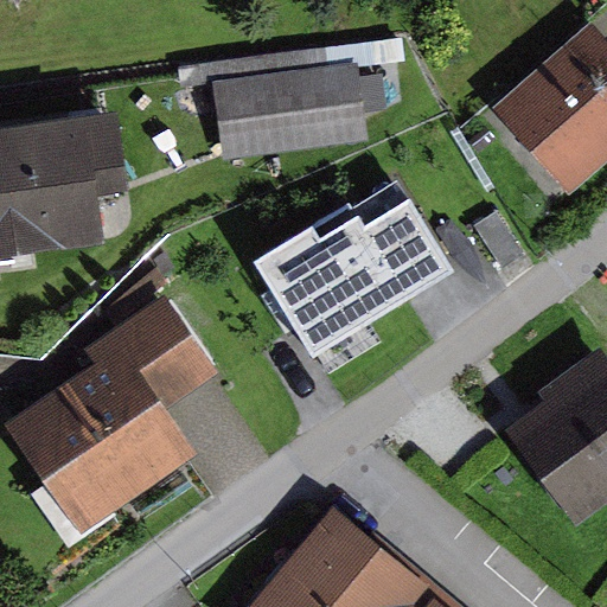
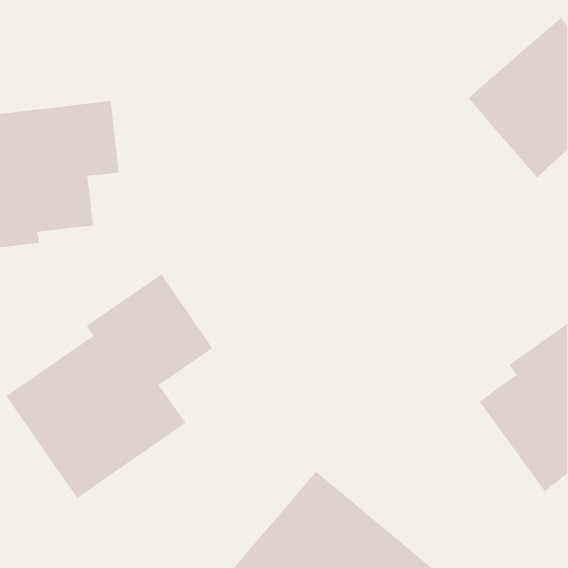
building: [219,64,373,158] -> none
building: [243,191,418,363] -> none

